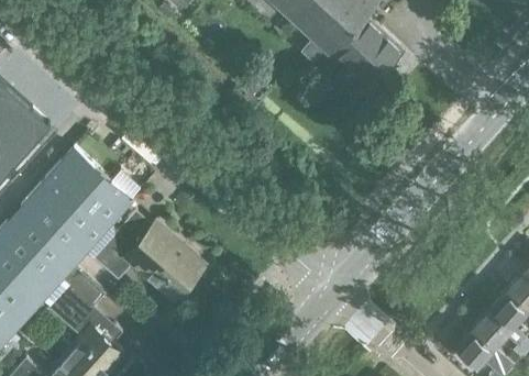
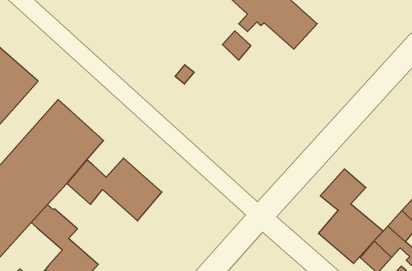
building: none -> [222,31,251,60]
building: none -> [319,169,383,264]

